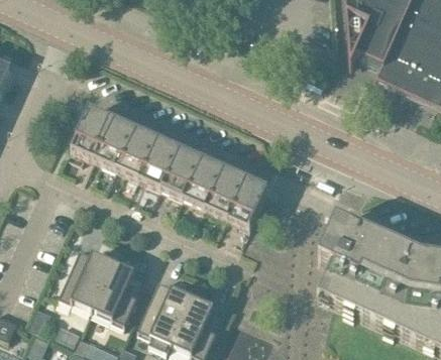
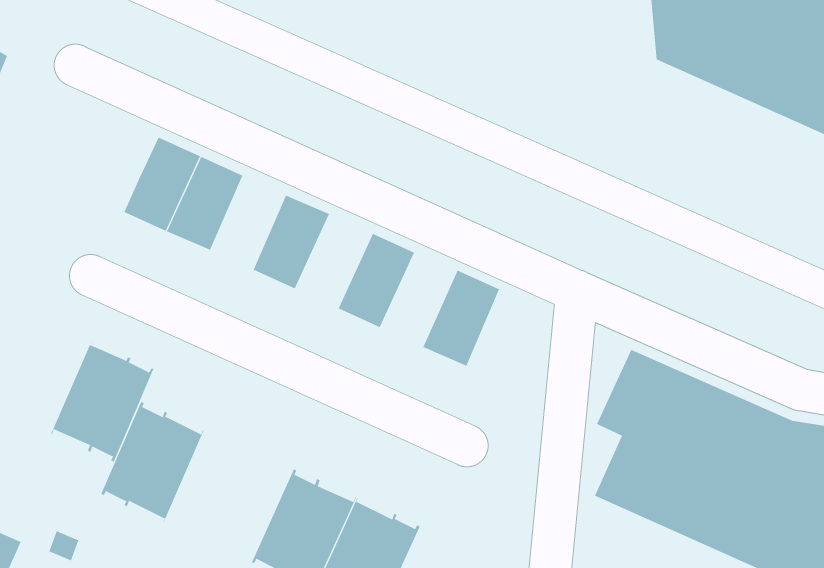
building: [119,125,158,174] -> none
building: [163,145,204,195] -> none
building: [208,165,248,215] -> none
building: [95,258,149,322] -> [50,341,155,463]

